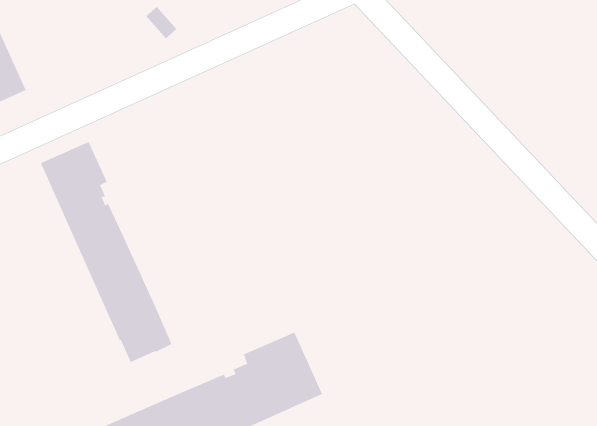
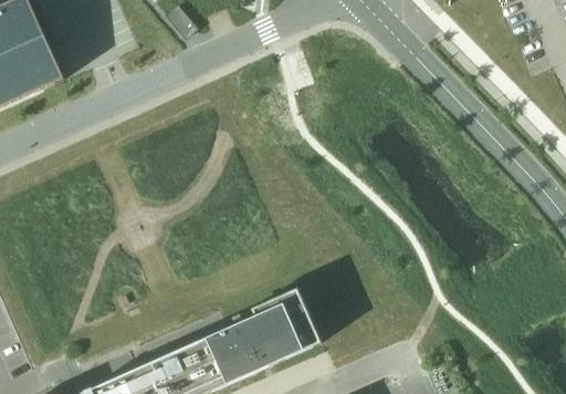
building: [40,141,172,363] -> none

